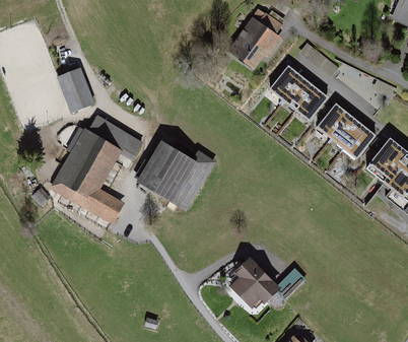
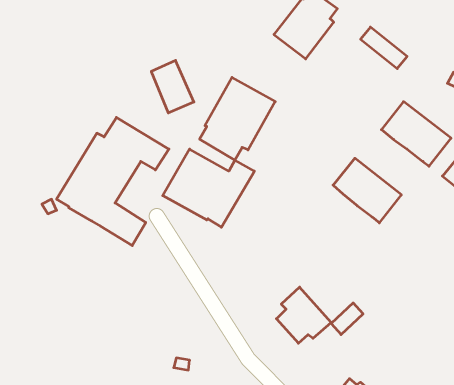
building: [271,66,328,120] -> [333,158,401,223]
building: [57,68,92,112] -> [151,60,194,113]
building: none -> [200,77,275,160]

